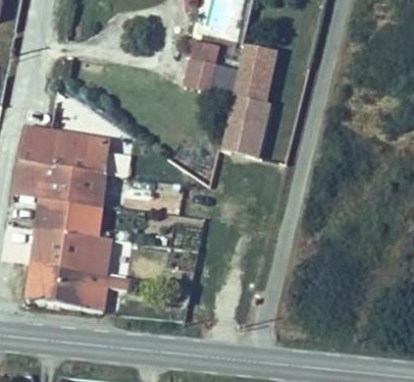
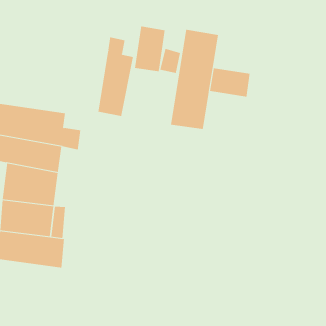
building: none -> [98,36,134,117]
building: none -> [210,67,250,97]

